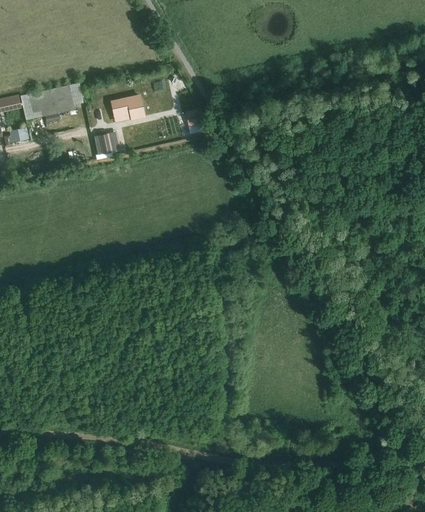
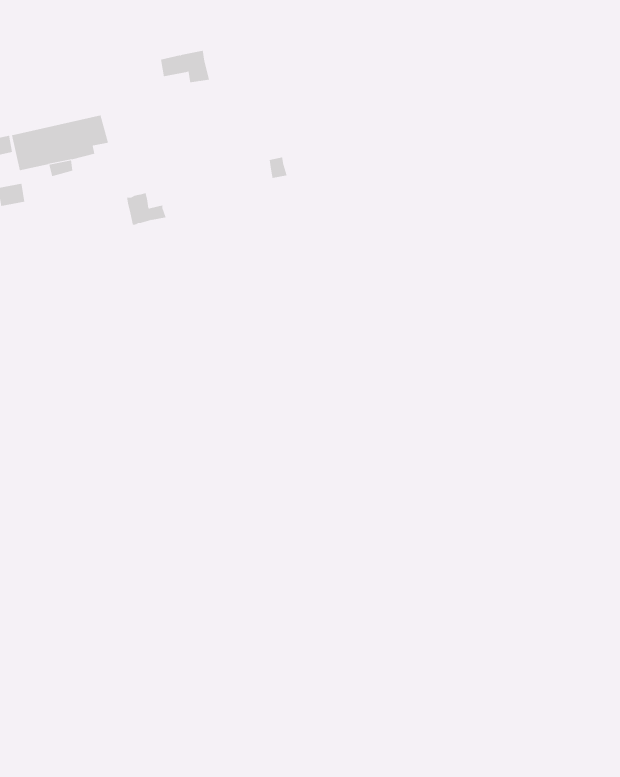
building: [112,95,144,116] -> [160,50,210,83]

